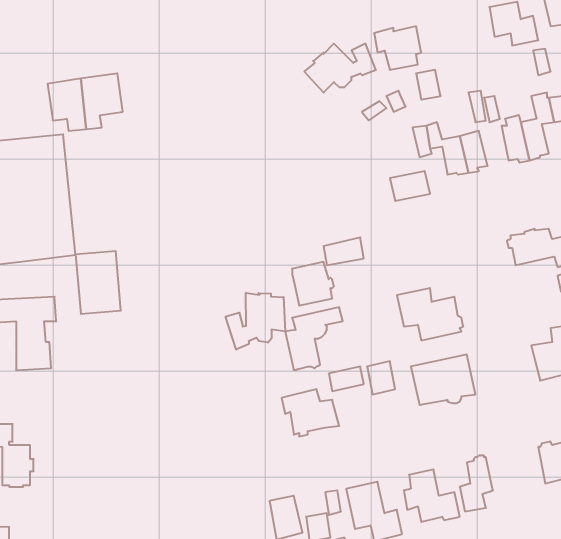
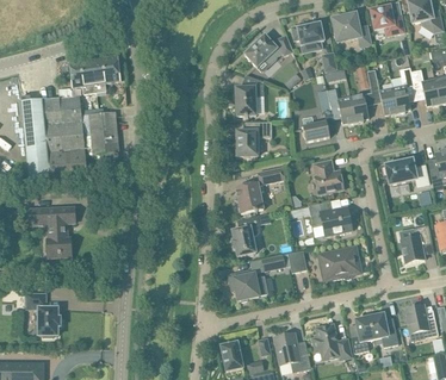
building: none -> [332,12,371,45]
building: none -> [236,74,264,114]
building: none -> [237,120,272,155]
building: none -> [312,160,343,194]
building: [76,251,121,314] -> [88,111,119,154]
building: [226,293,285,350] -> none
building: none -> [368,312,398,347]

